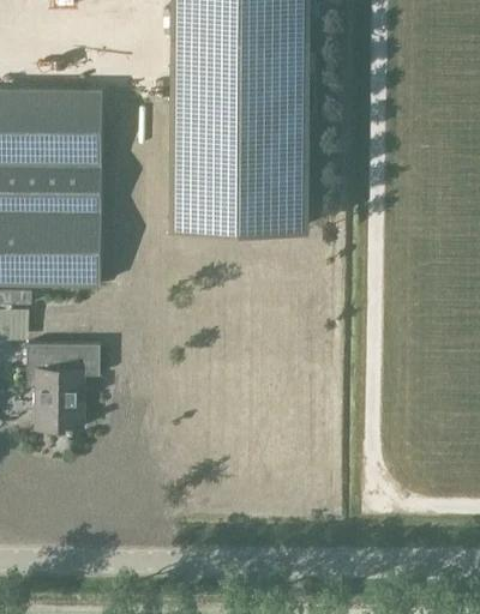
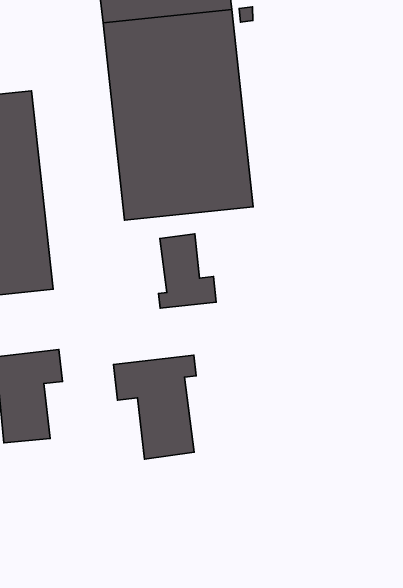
building: none -> [158,234,216,308]
building: none -> [114,355,196,459]

